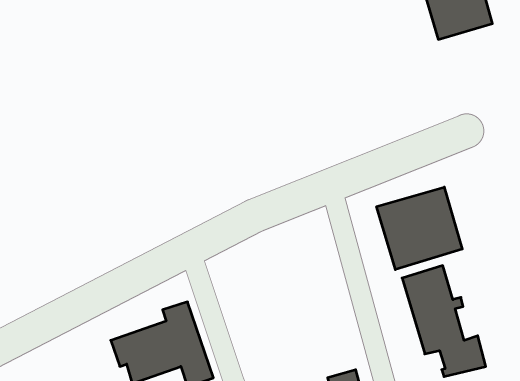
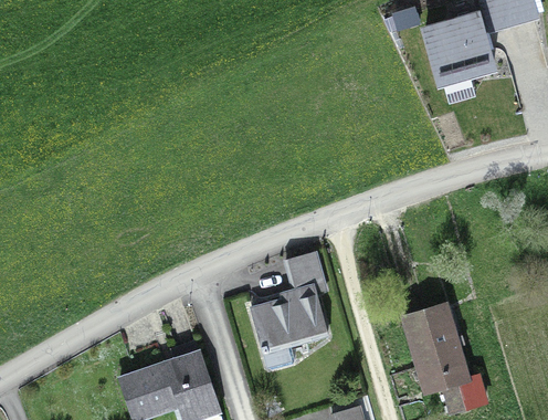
building: [377,187,462,270] -> none
building: none -> [251,251,327,369]

